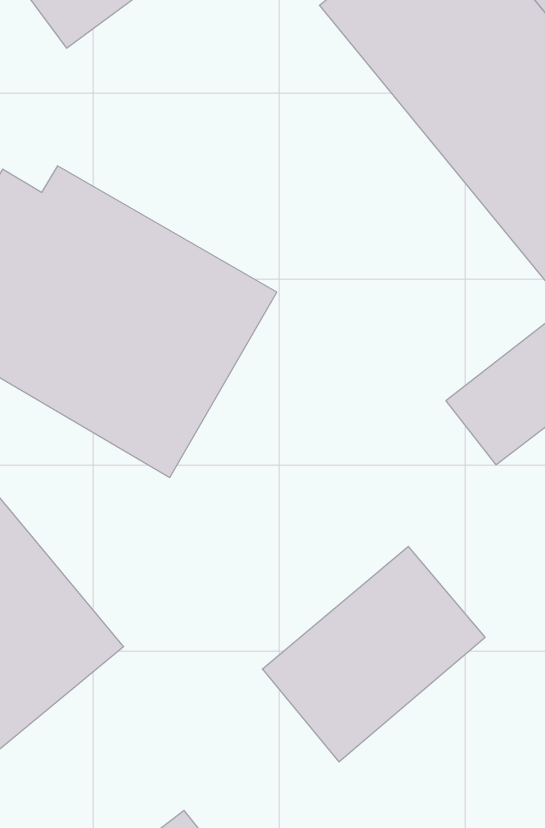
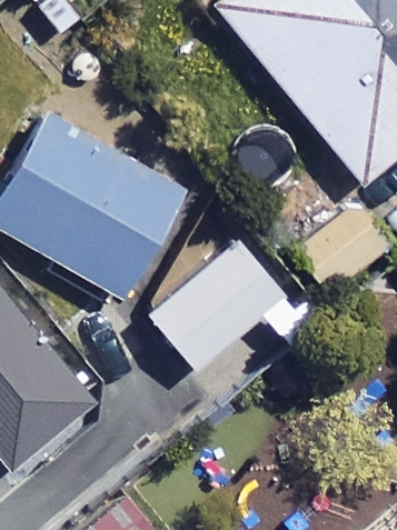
building: [262,546,485,762] -> [147,237,286,371]

